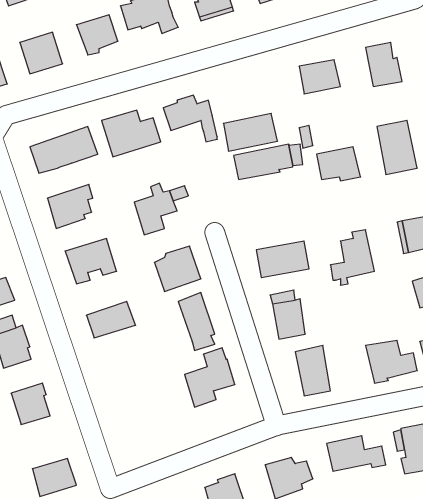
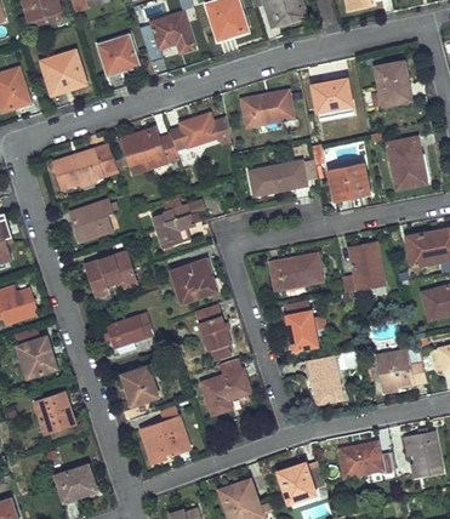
building: [223,113,278,151] -> [243,91,295,127]
building: none -> [121,365,159,405]
building: none -> [142,417,190,457]

